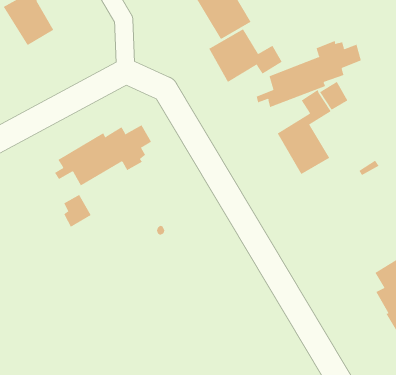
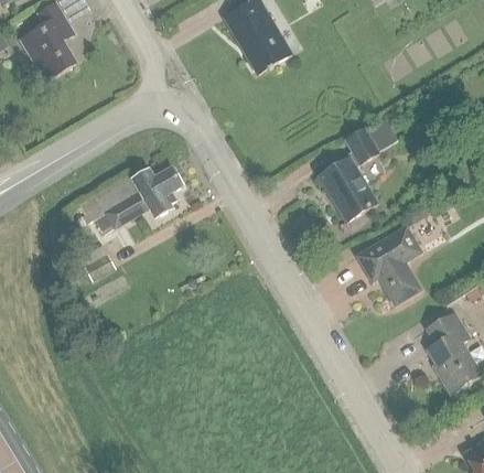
building: [209,28,283,83] -> none
building: [256,40,361,108] -> none
building: none -> [356,226,420,305]

